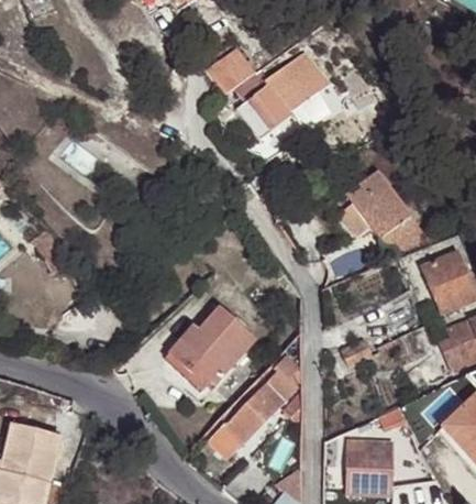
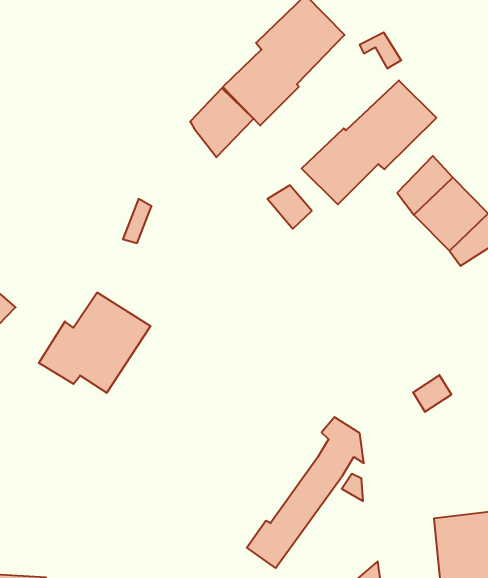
building: [207,47,253,97] -> [190,88,253,157]
building: none -> [302,80,436,204]
building: [169,307,254,381] -> [39,293,151,393]

